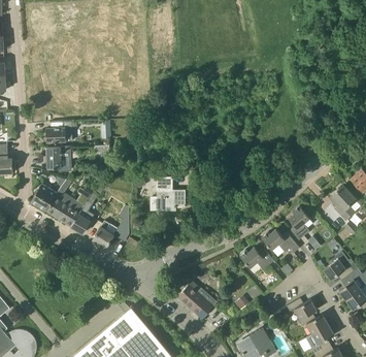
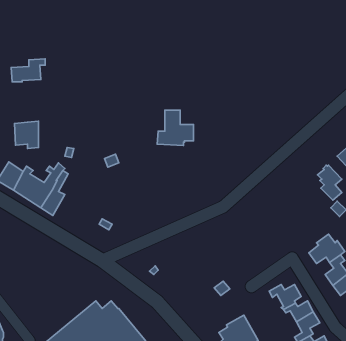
building: [45,121,77,142] -> [11,59,45,82]
building: [149,177,184,210] -> [157,110,193,145]
building: [288,206,309,240] -> none
building: [92,219,128,248] -> none
building: [261,229,299,257] -> none
building: [239,247,273,270] -> none
building: [177,282,211,318] -> none

